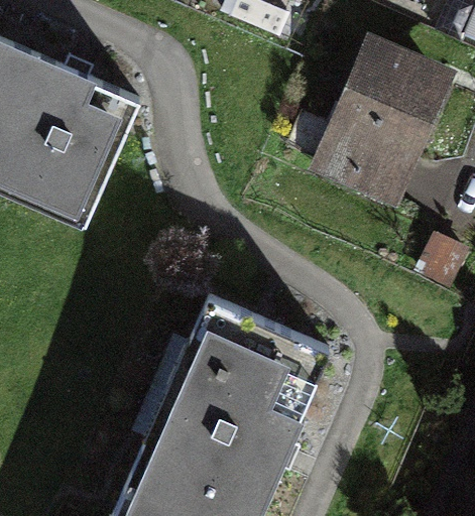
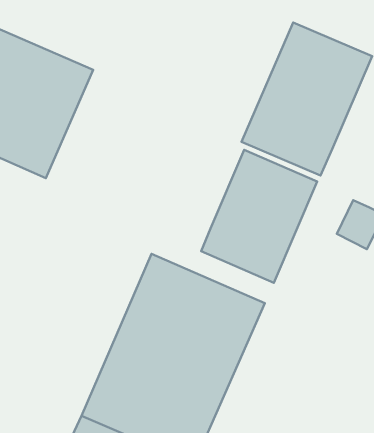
building: none -> [201,150,317,283]

